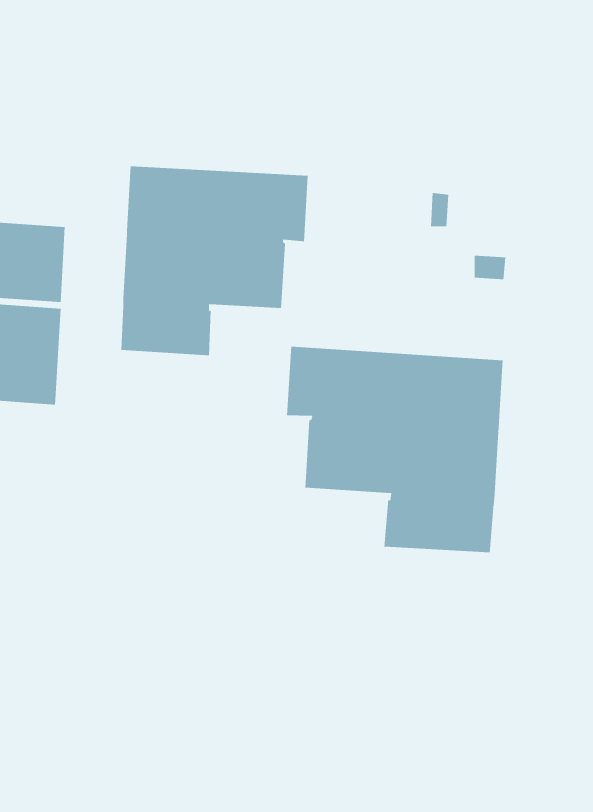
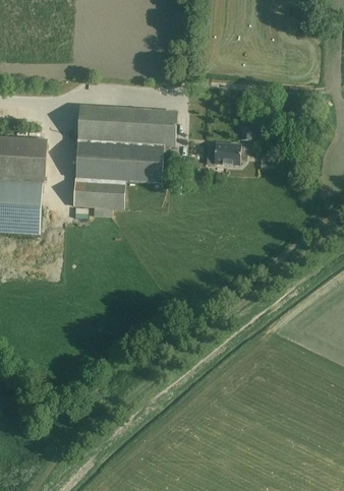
building: none -> [206,141,245,164]
building: [287,346,503,553] -> none

